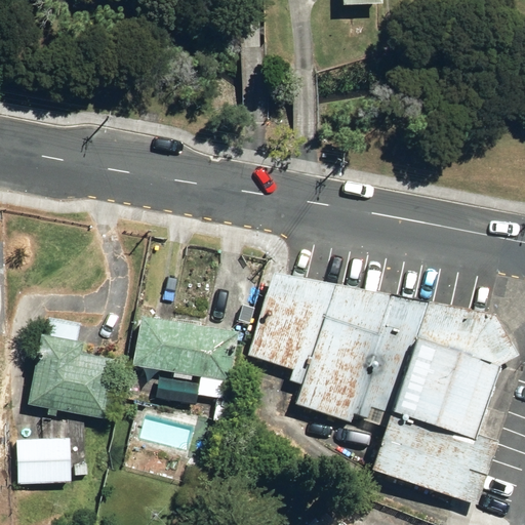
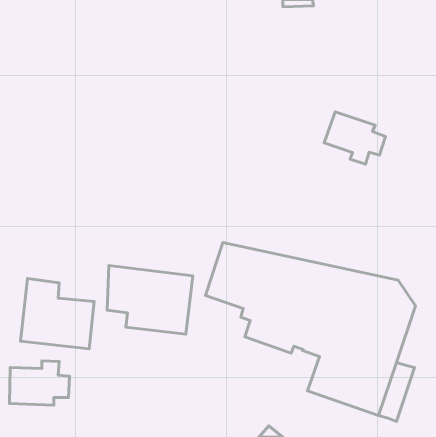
building: none -> [324,112,385,164]
building: [269,273,518,366] -> none

